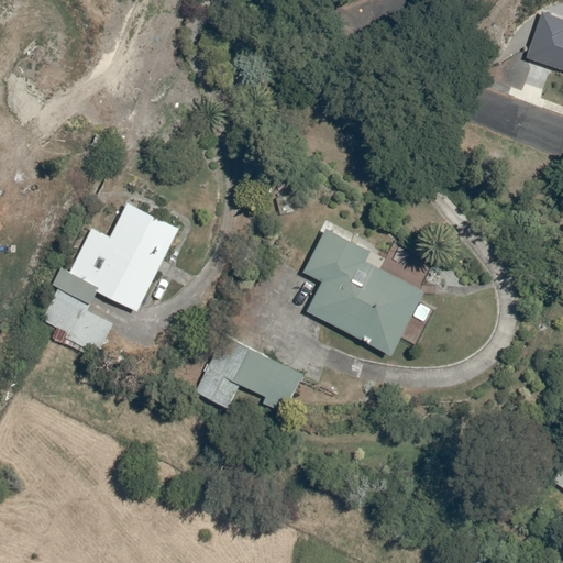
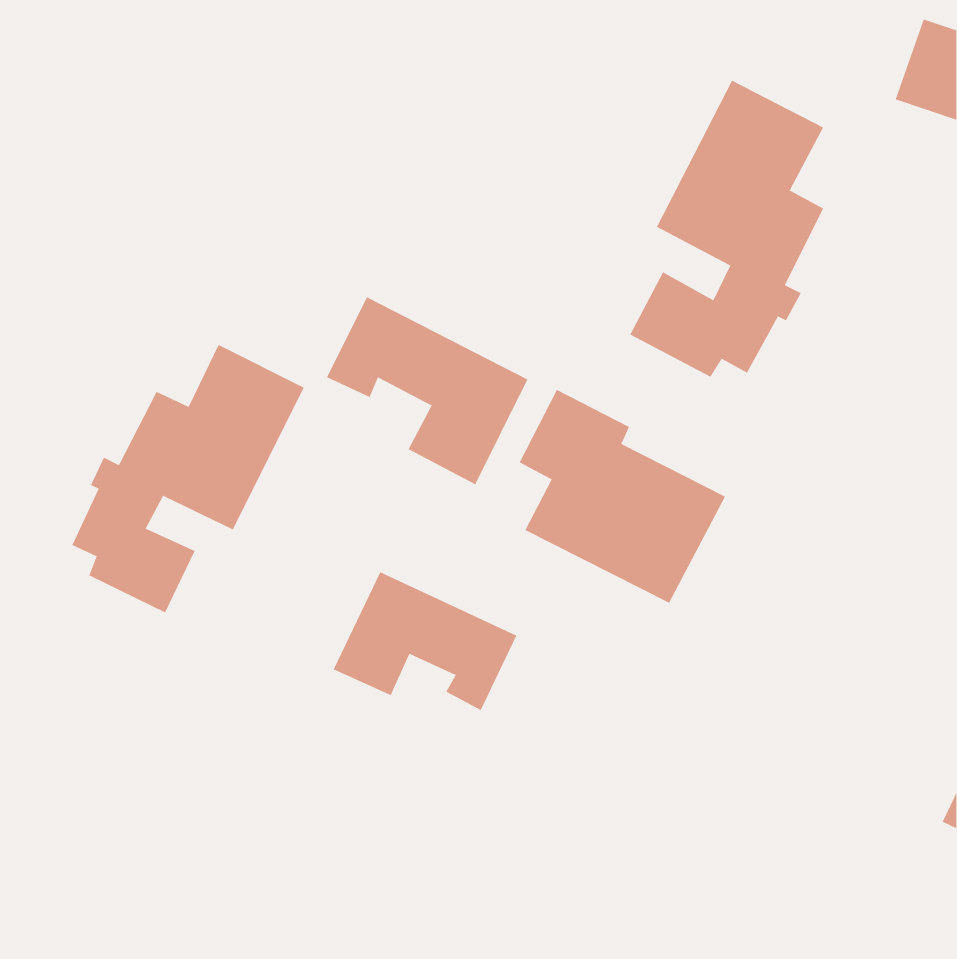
building: none -> [629,80,824,377]
building: none -> [326,297,528,485]

